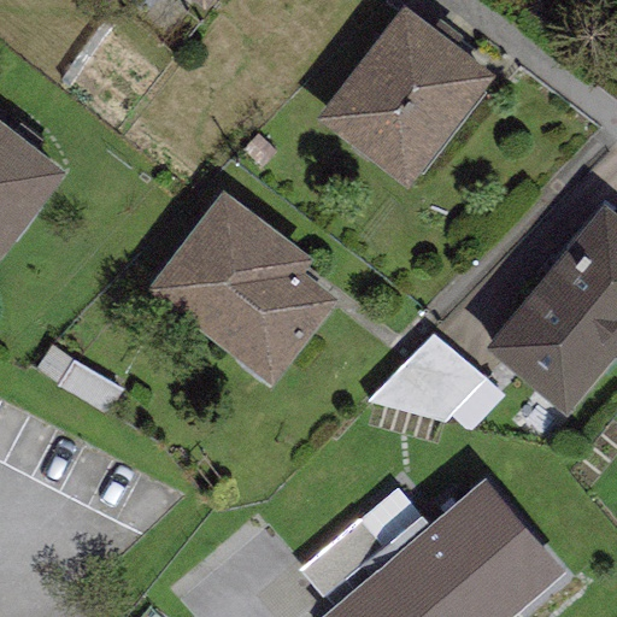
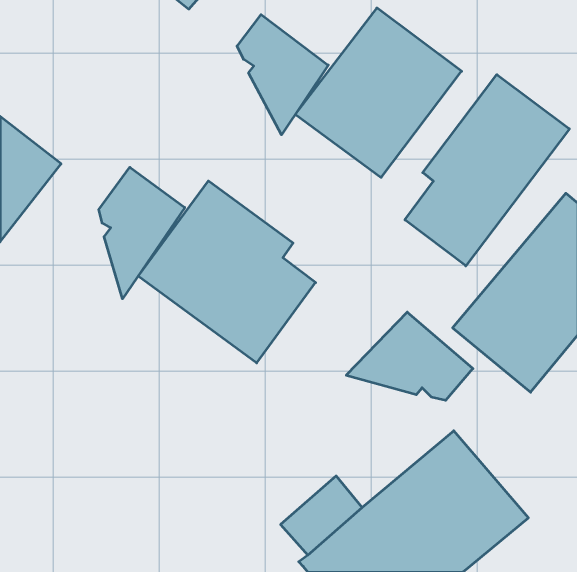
building: none -> [237,15,328,135]
building: none -> [405,75,569,266]
building: none -> [99,167,185,299]

